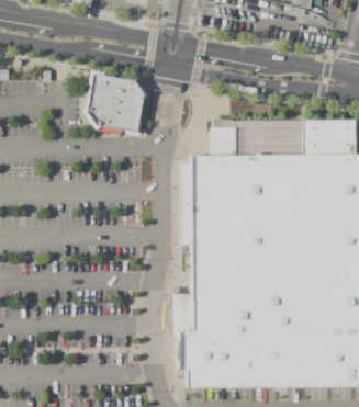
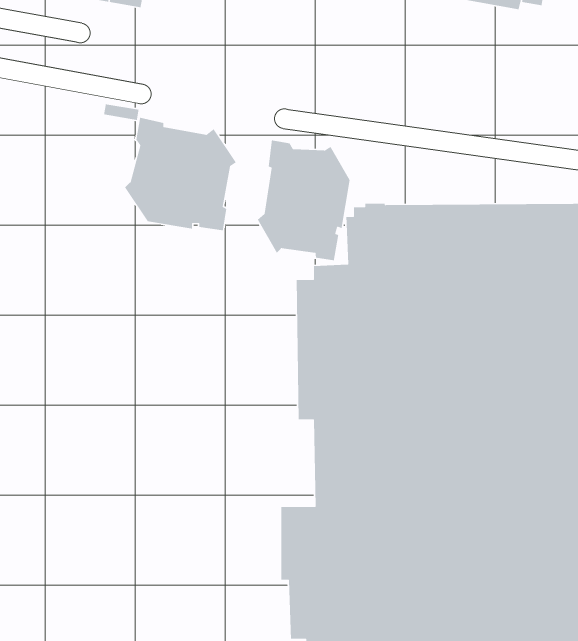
building: none -> [257,140,351,261]

